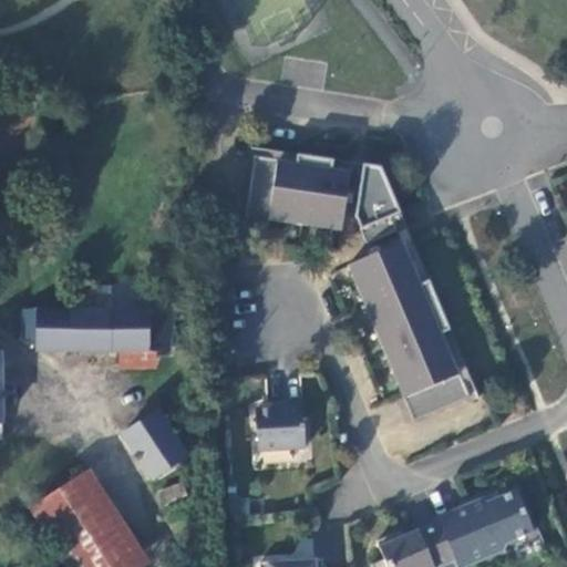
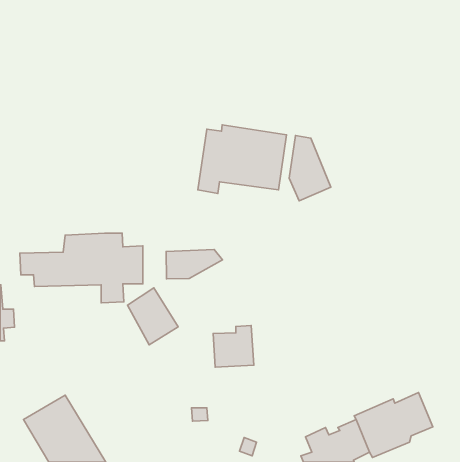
building: [349,241,471,424] -> none
building: none -> [166,249,222,279]
building: [126,413,188,483] -> [128,288,178,345]

